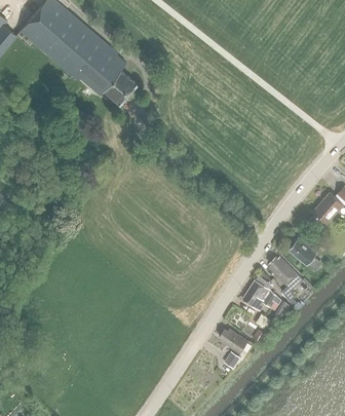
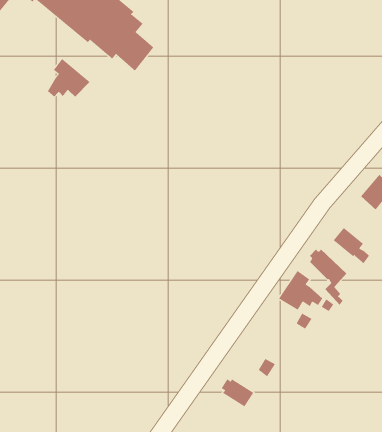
building: none -> [47,58,90,98]
building: [219,329,247,353] -> [221,379,254,407]

